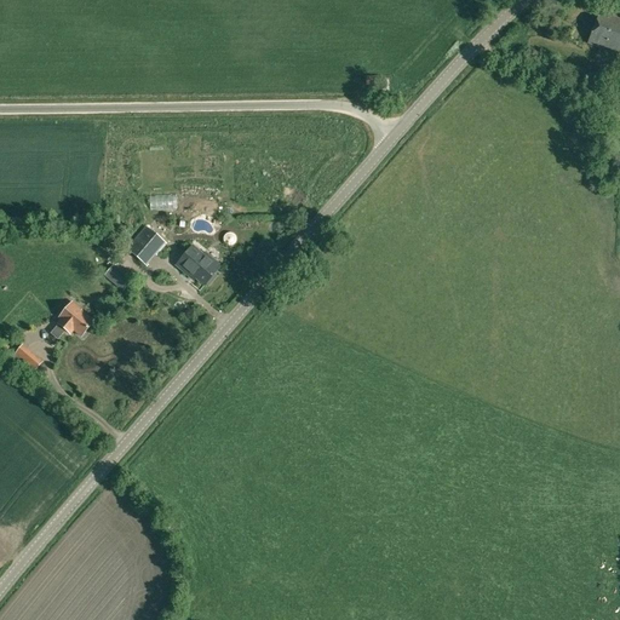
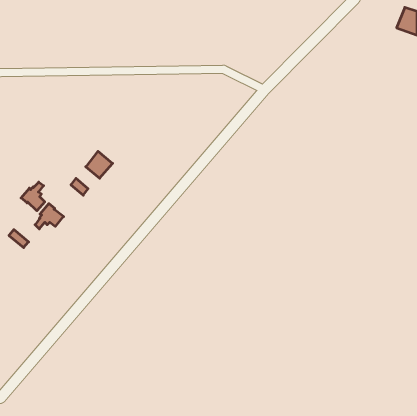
building: [177,243,220,283] -> none
building: none -> [21,182,45,211]

